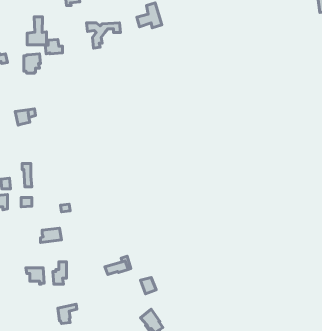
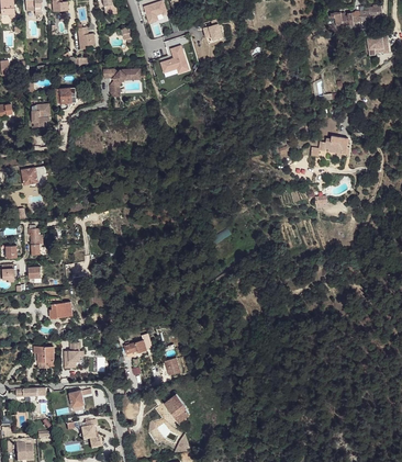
building: [27,17,46,45] -> none
building: none -> [317,135,349,156]

